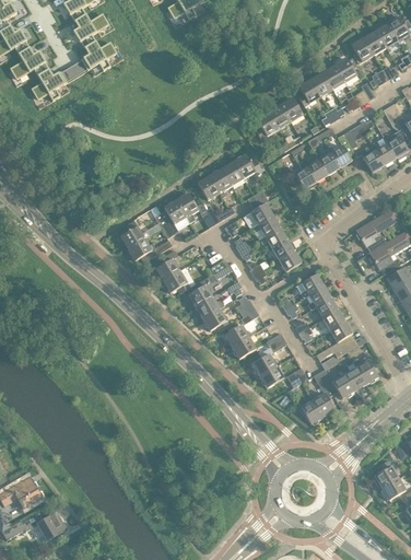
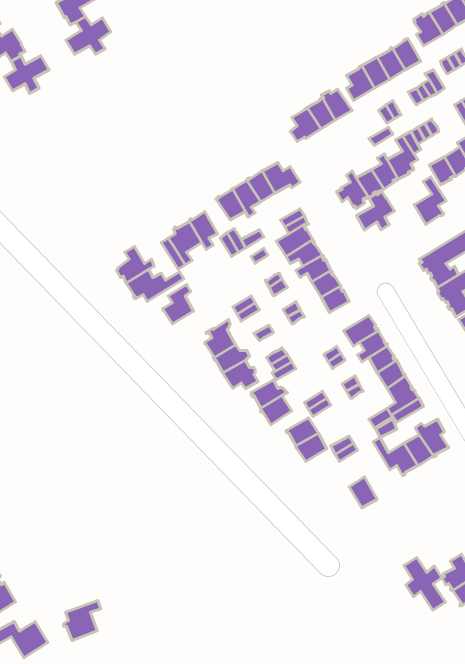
building: none -> [414,177,446,224]
building: none -> [356,192,394,230]
building: [162,267,195,292] -> none
building: [313,372,334,417] -> none
building: none -> [404,557,445,610]
building: none -> [64,600,101,641]

